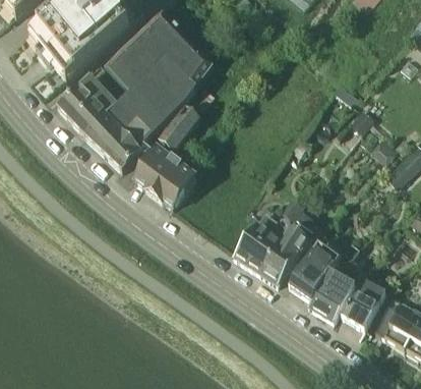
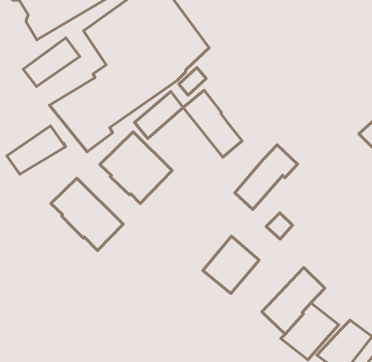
building: [71,86,120,130] -> [7,126,65,174]
building: none -> [183,90,242,157]
building: none -> [51,178,123,251]
building: [260,224,310,282] -> [235,145,297,210]

